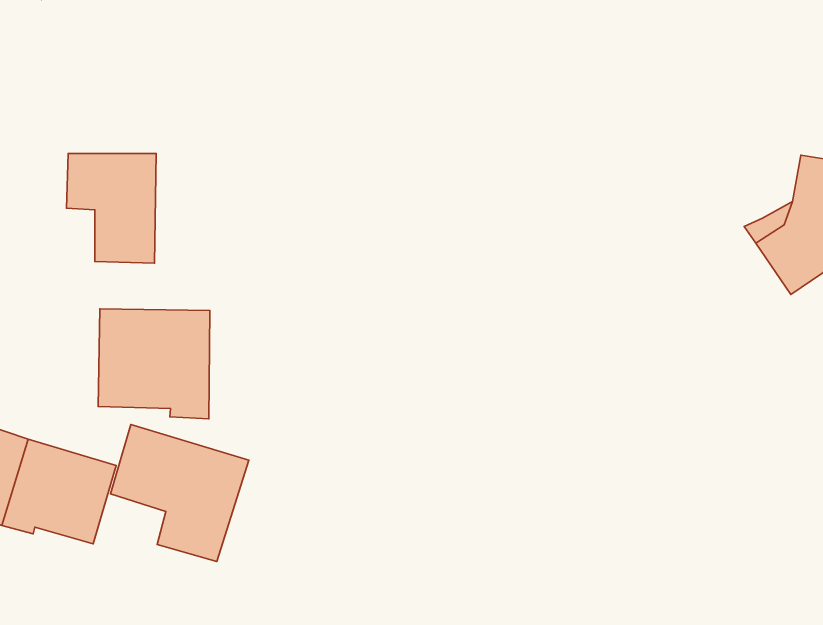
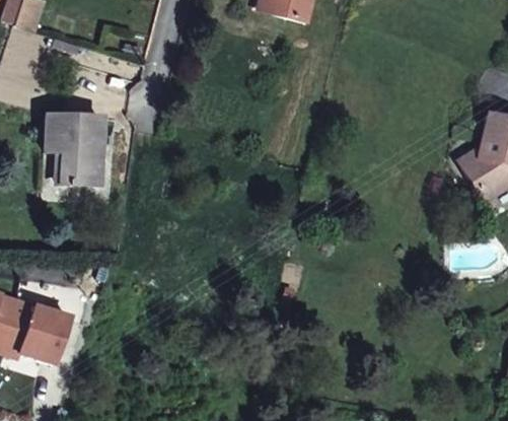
building: [98,309,210,419] -> none
building: [111,424,249,561] -> none

